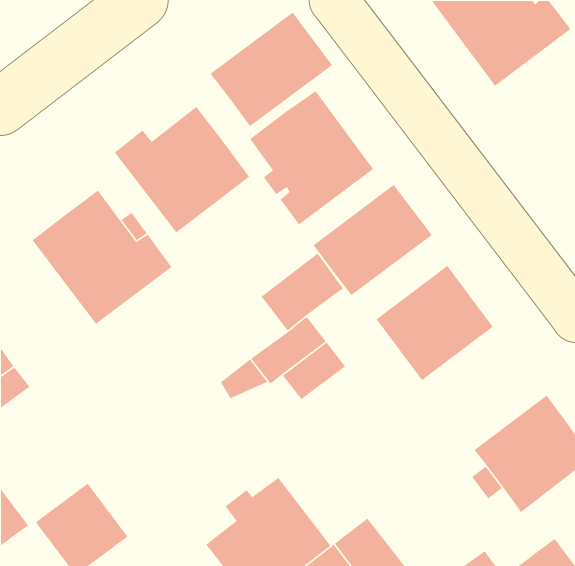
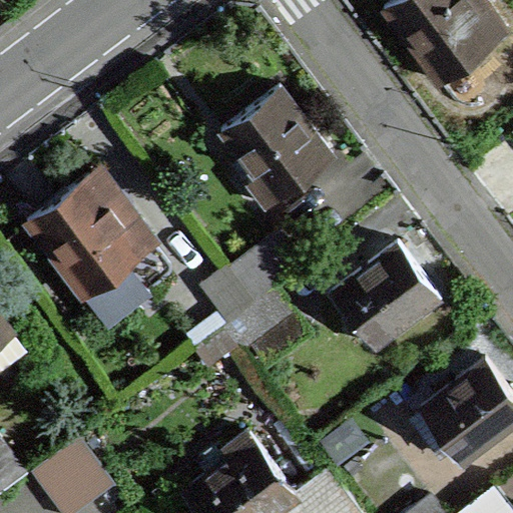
building: [210,11,333,127] -> none
building: [114,106,250,233] -> none
building: [312,184,433,296] -> none

